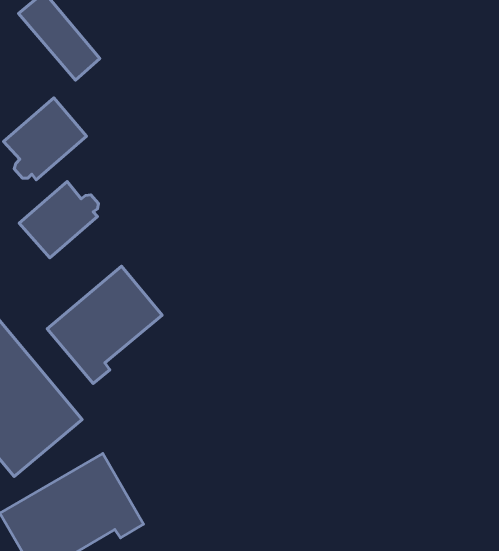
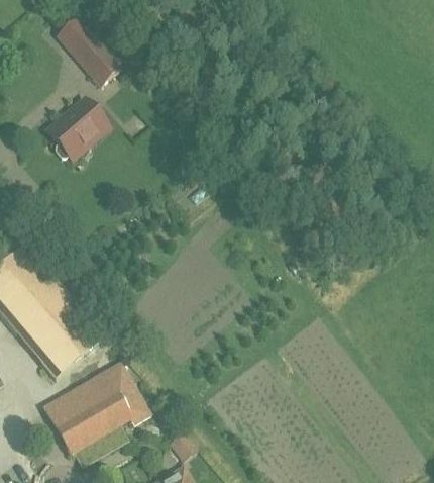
building: [19,182,98,258] -> none
building: [47,266,162,384] -> none

